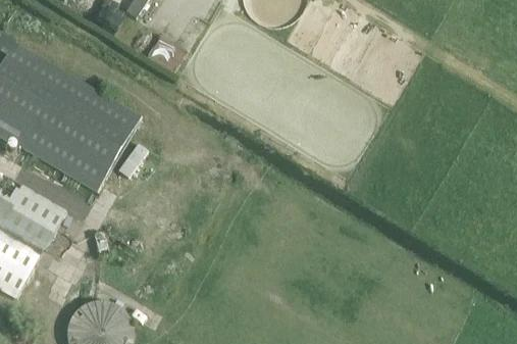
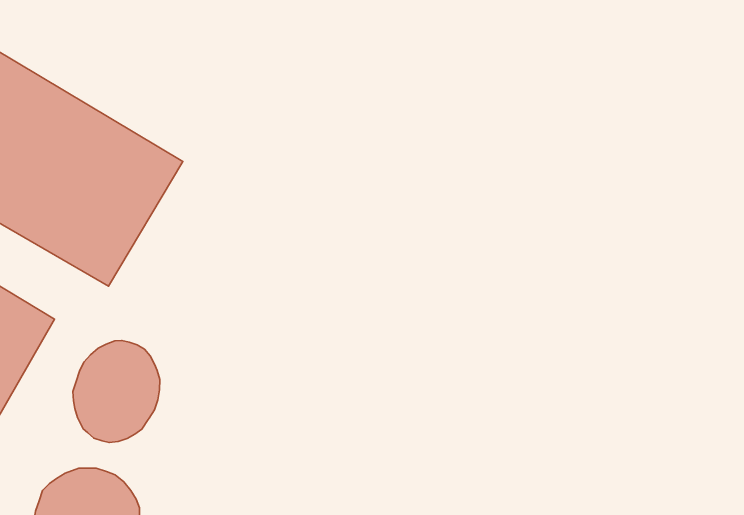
building: none -> [73,340,160,443]

